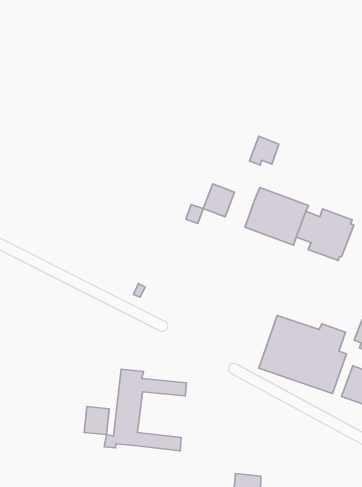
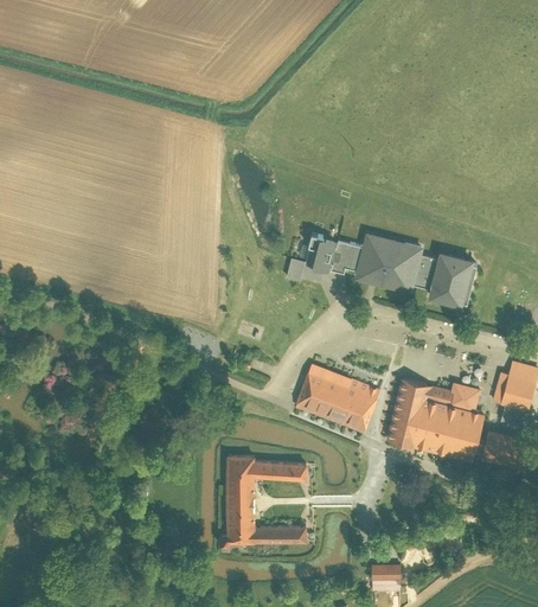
building: [249,136,279,165] -> [331,239,363,273]
building: none -> [295,364,378,433]
building: [84,407,109,435] -> none

